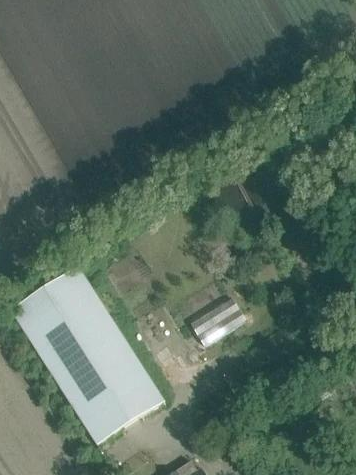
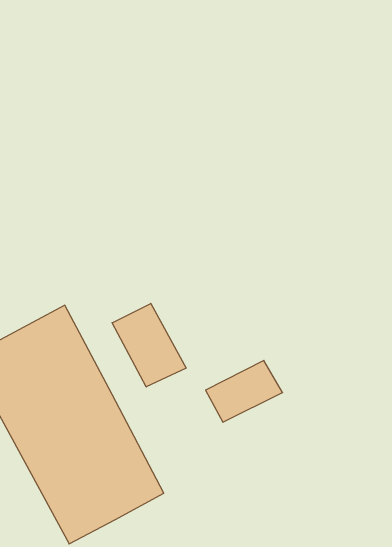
building: none -> [112,303,186,387]

